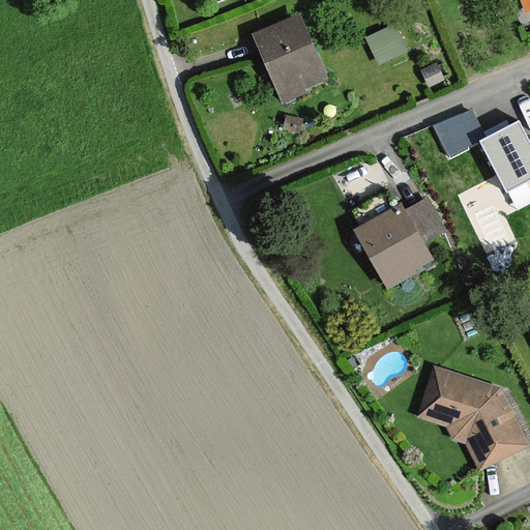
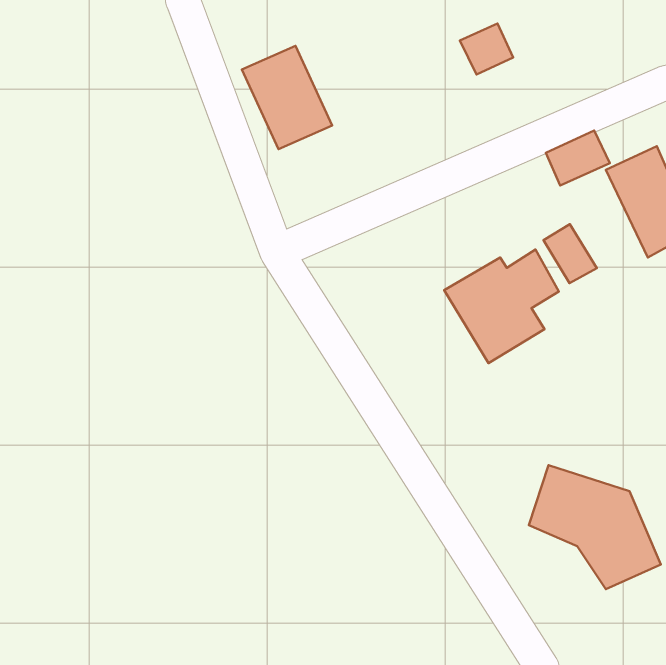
building: [253,20,324,101] -> [242,46,332,149]
building: none -> [543,224,597,283]

